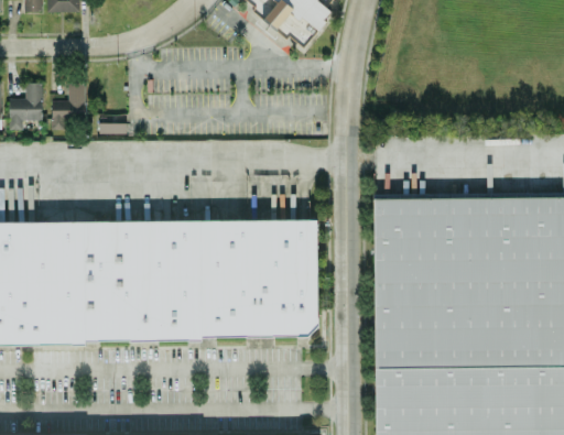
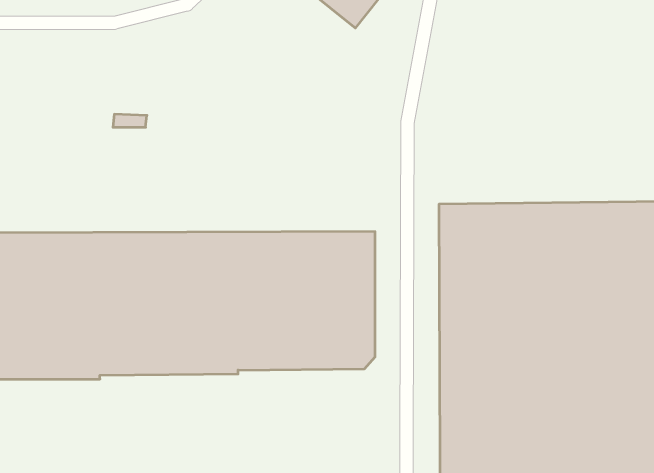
building: [9,83,42,130] -> none
building: [51,84,86,129] -> none

